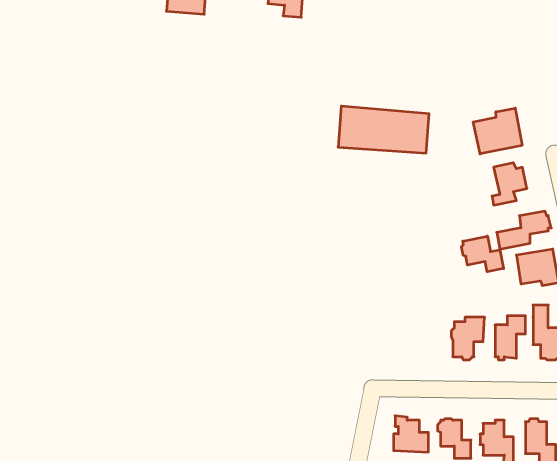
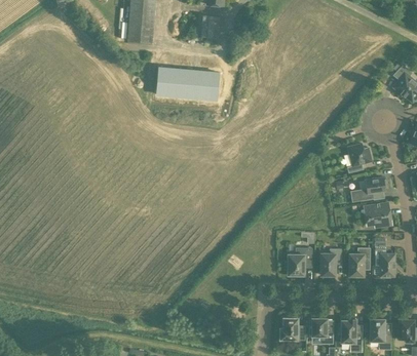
building: [338,106,429,153] -> [153,68,215,100]
building: [473,108,522,154] -> none
building: [461,236,504,272] -> none
building: none -> [285,248,311,275]

